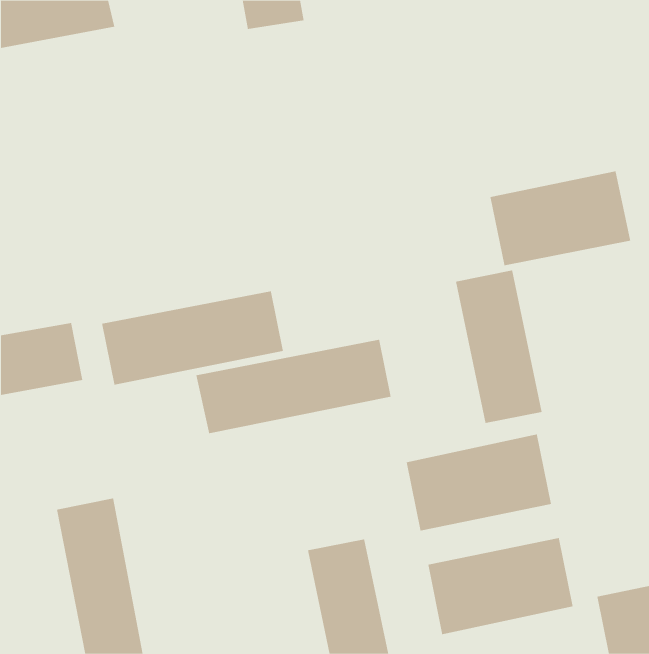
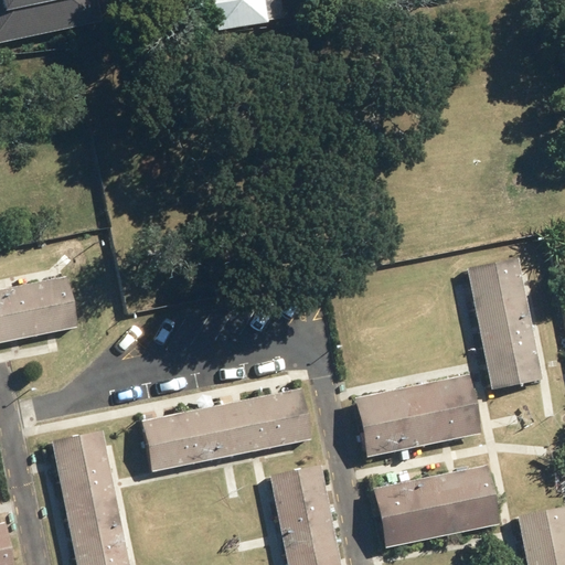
building: [490,170,631,266] -> none
building: [455,270,542,424] -> [467,258,542,391]
building: [101,290,283,385] -> none
building: [196,339,392,434] -> [141,390,310,471]

